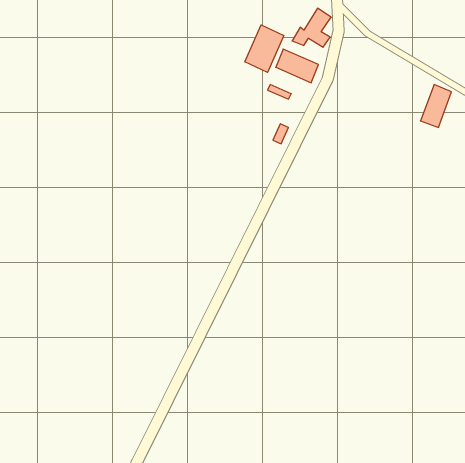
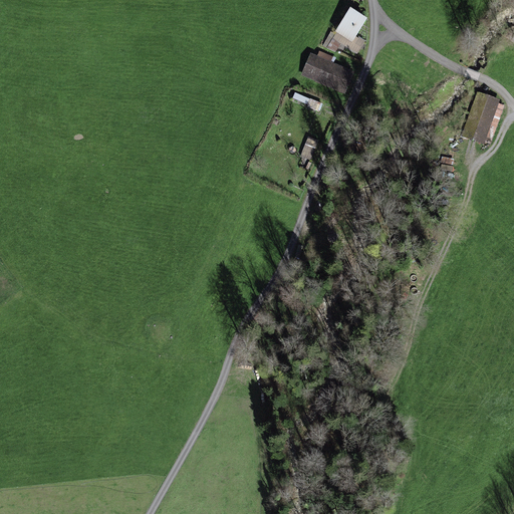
building: [245,25,284,72] -> none

